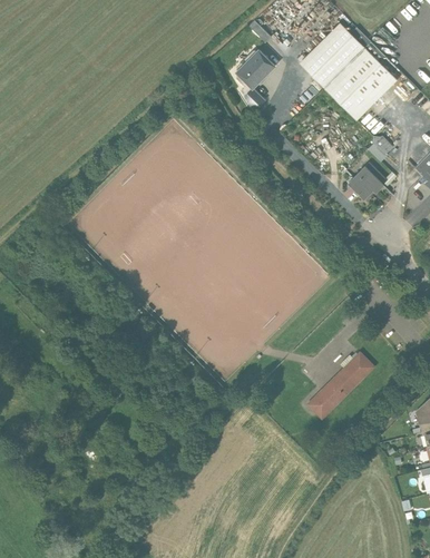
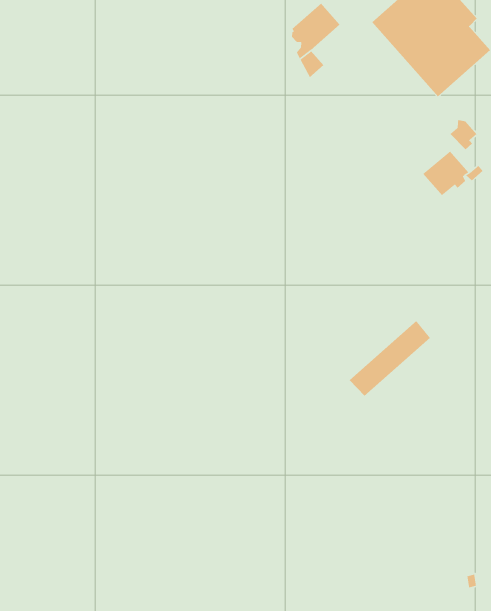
building: [309,354,372,418] -> [349,320,431,396]

